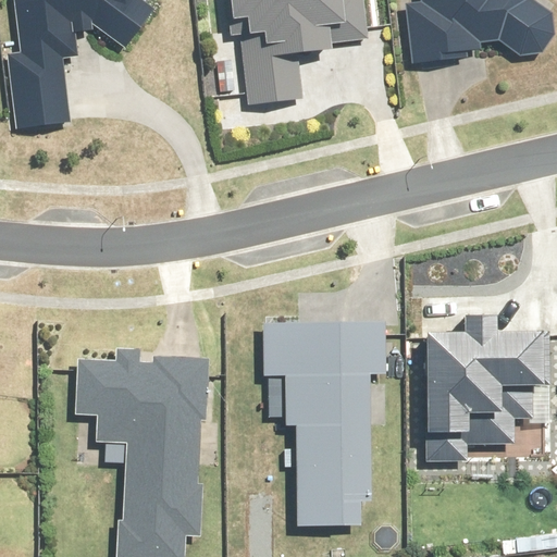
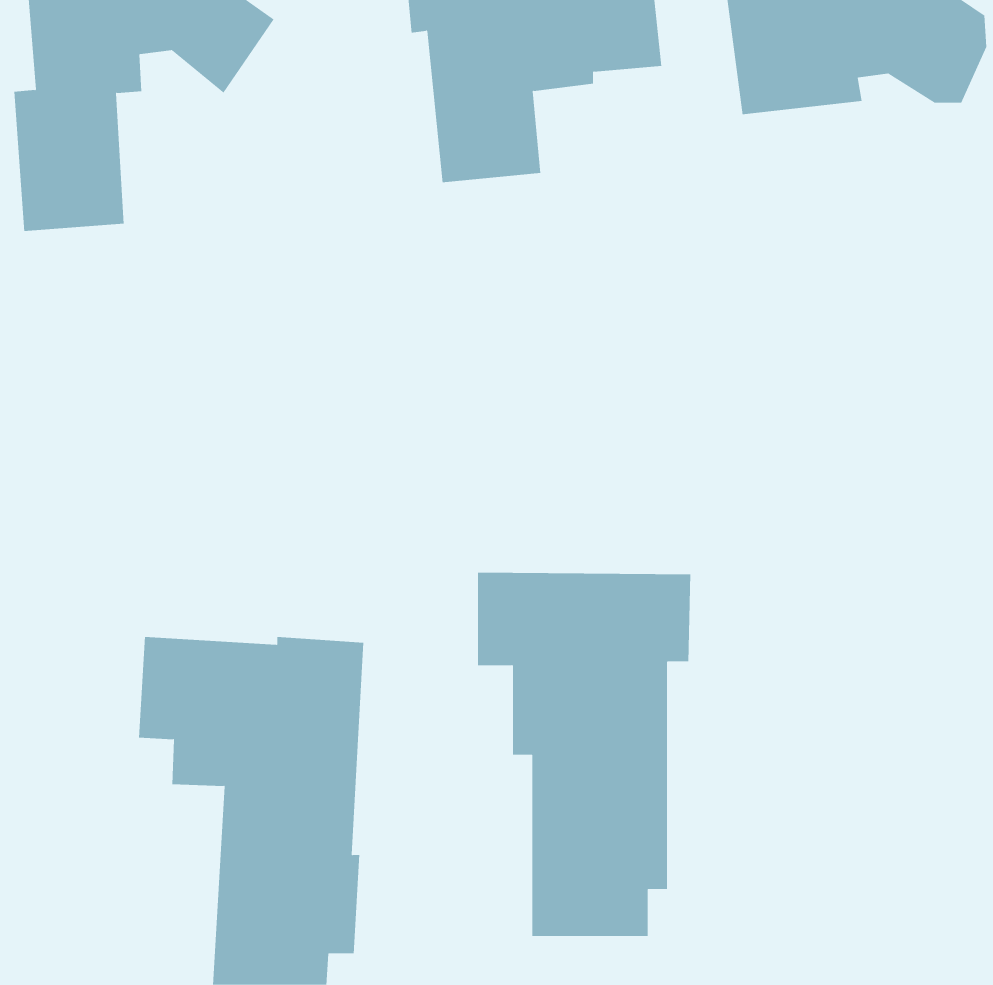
building: [424,317,539,458] -> none

